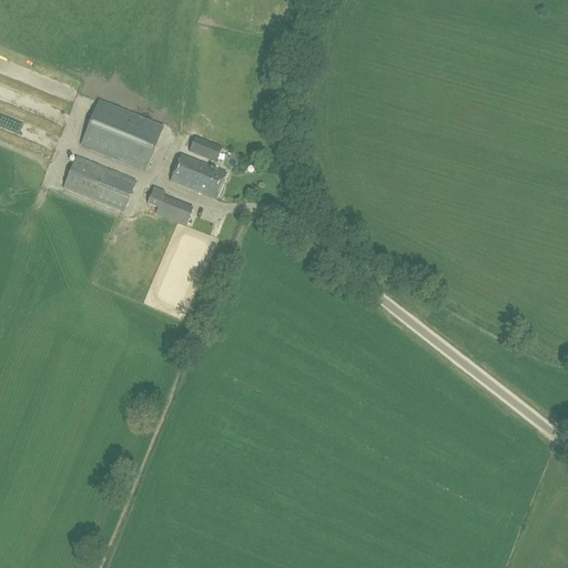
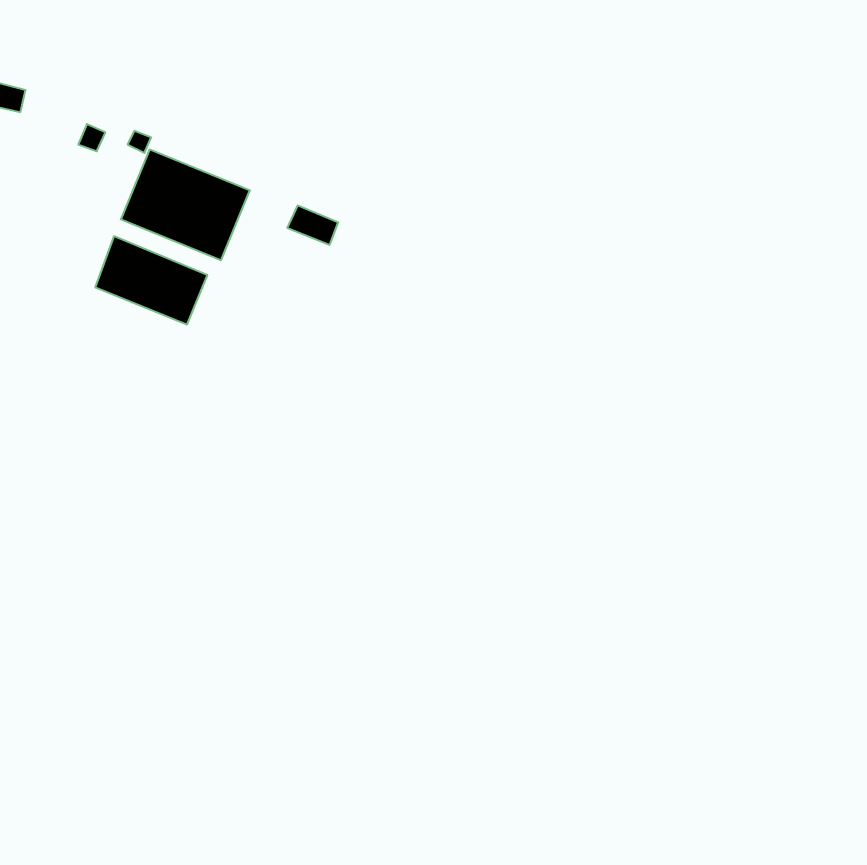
building: [170,153,225,197] -> none
building: [146,185,192,224] -> none

